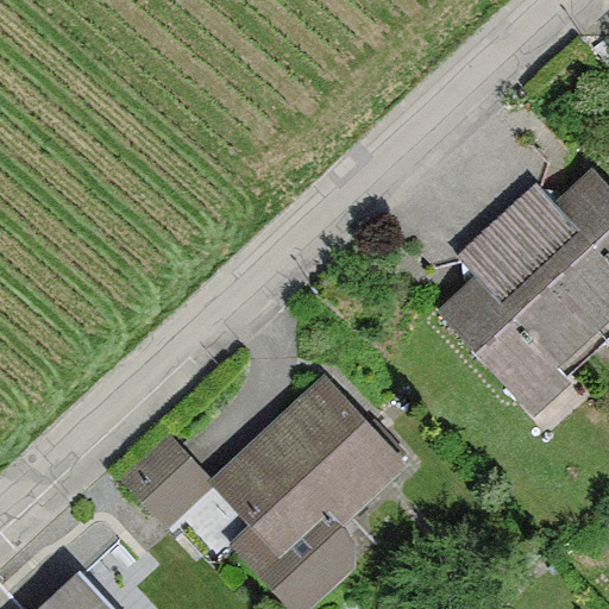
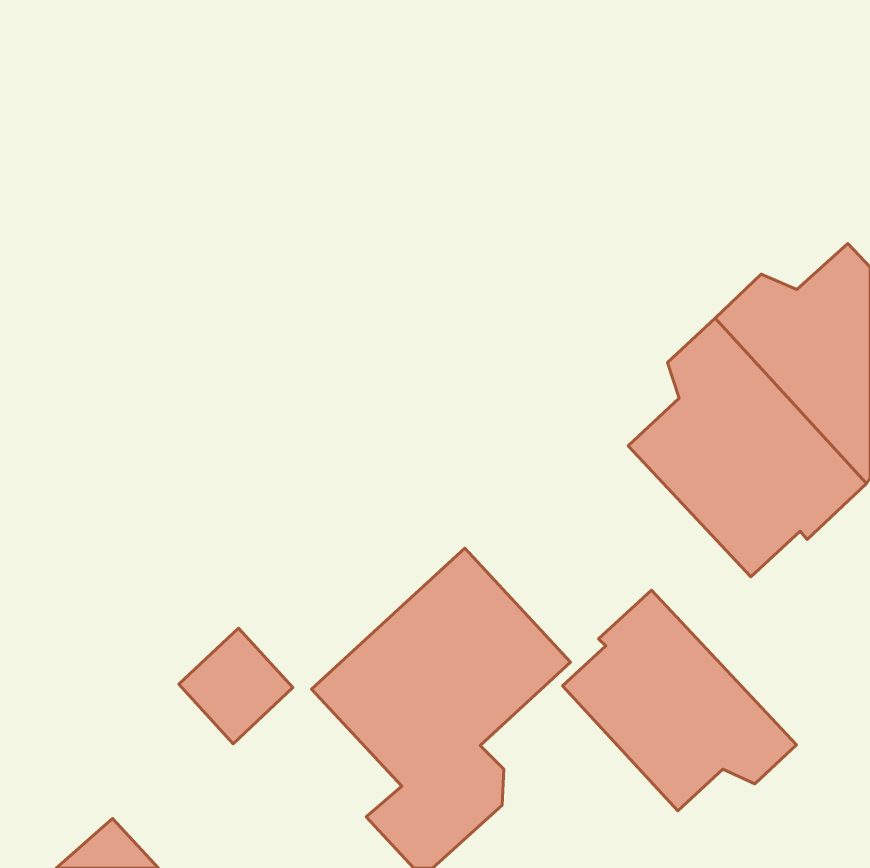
building: none -> [563,590,797,811]

